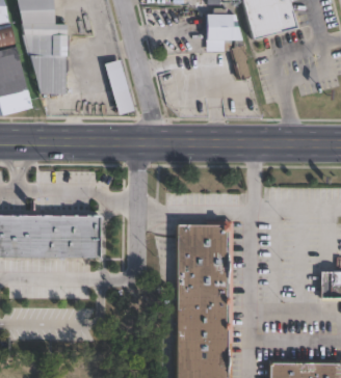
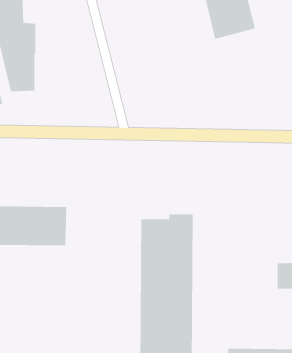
building: [206,8,243,52] -> none
building: [104,59,133,114] -> none

